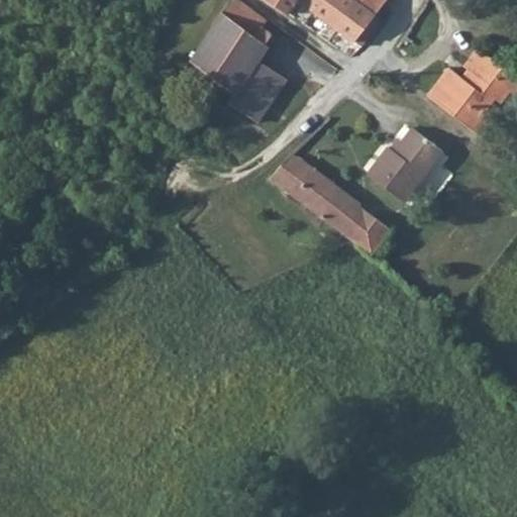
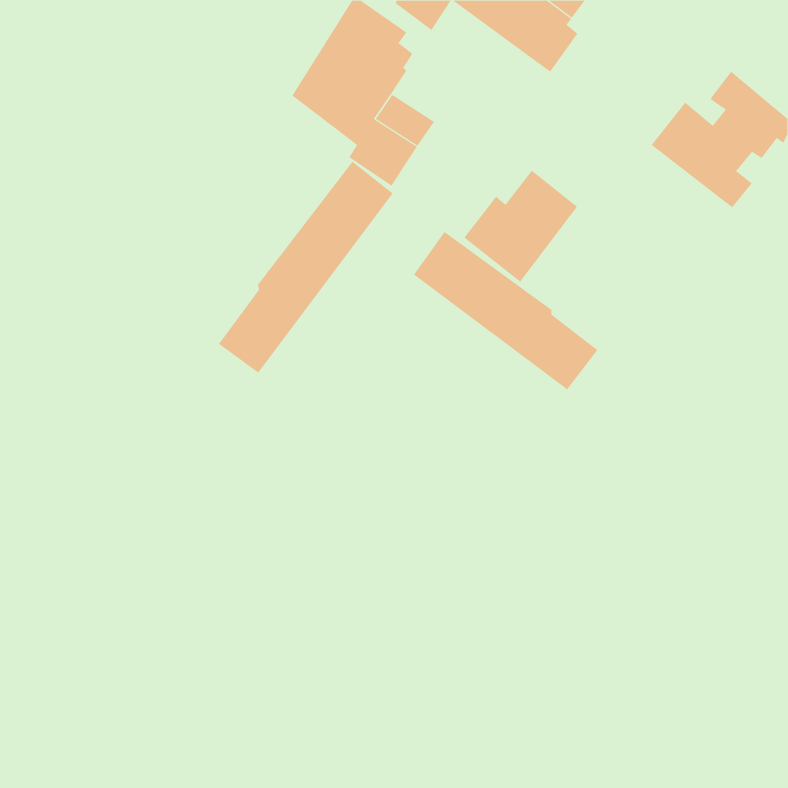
building: none -> [218,161,393,374]
building: [370,126,444,200] -> [464,170,578,282]

